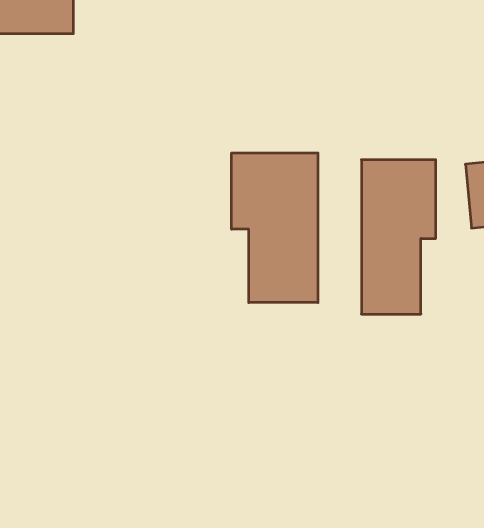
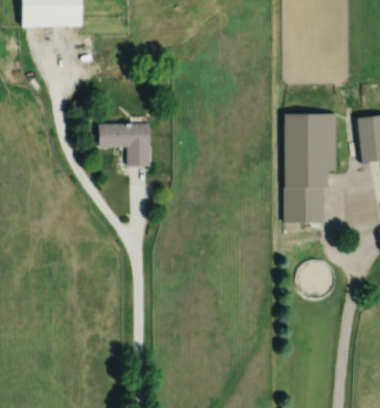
building: [232,153,318,303] -> none
building: none -> [99,123,148,165]

